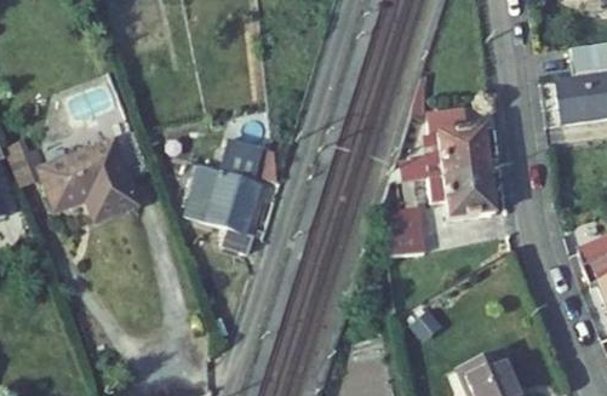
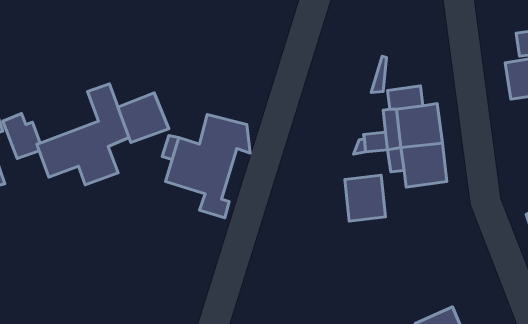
building: none -> [118,93,169,143]

